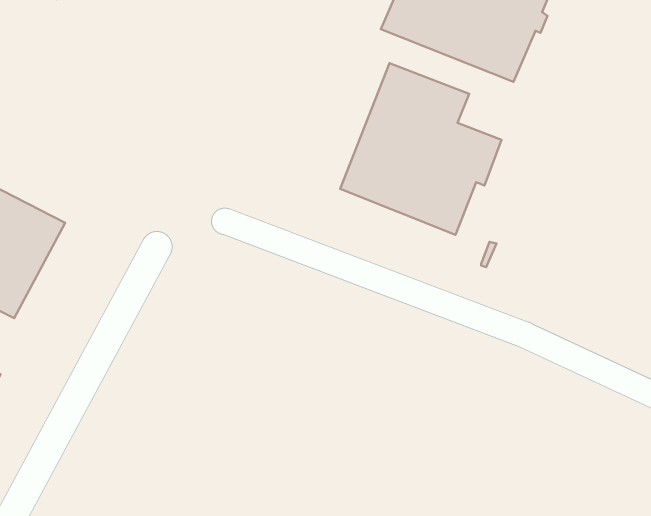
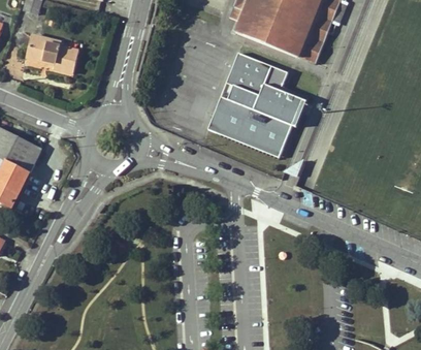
building: none -> [26,33,78,71]

